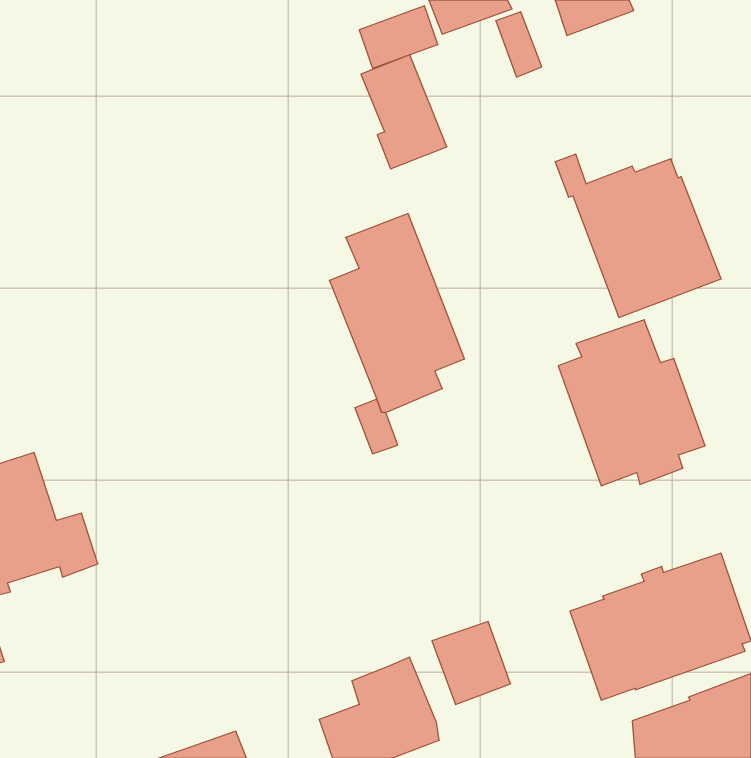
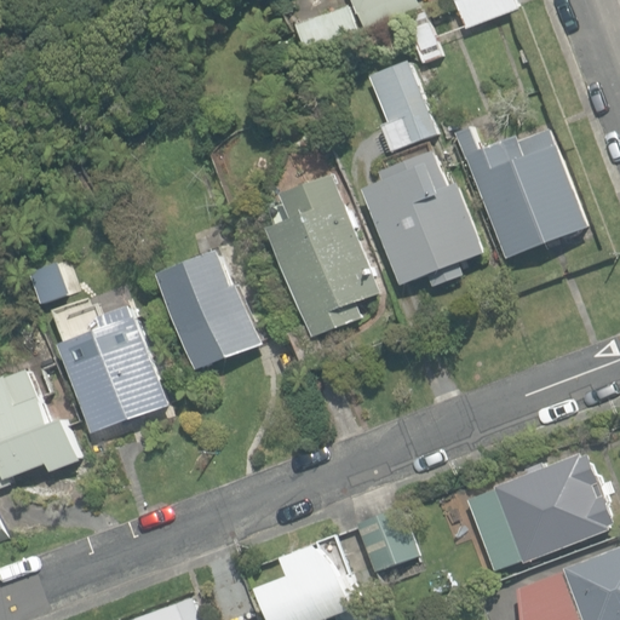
building: [361,55,447,169] -> [366,59,436,153]
building: none -> [159,251,263,369]
building: [558,320,705,486] -> [362,151,482,287]
building: none -> [58,305,168,434]

